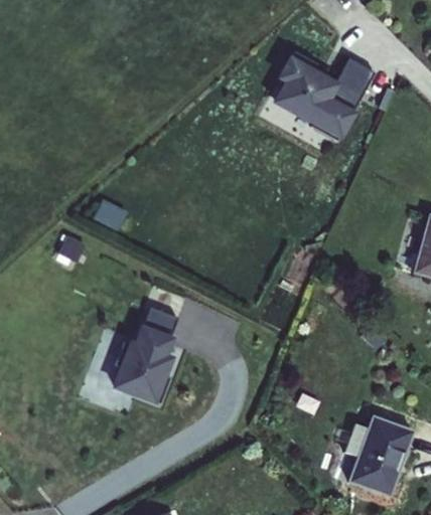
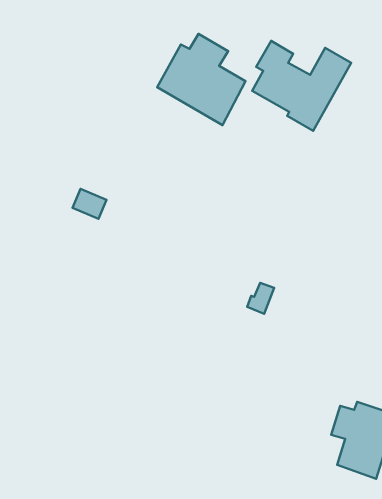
building: none -> [157,34,246,125]
building: [114,306,177,402] -> none

